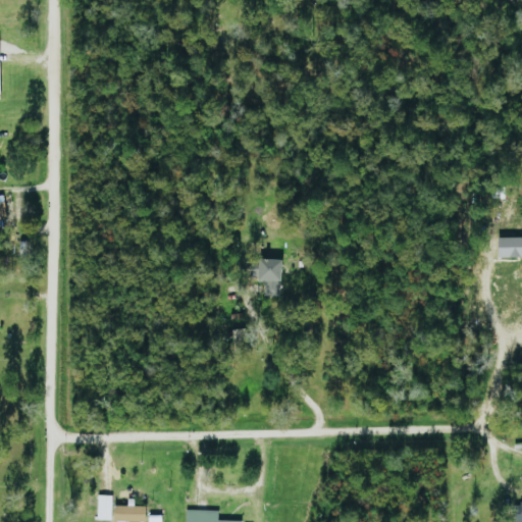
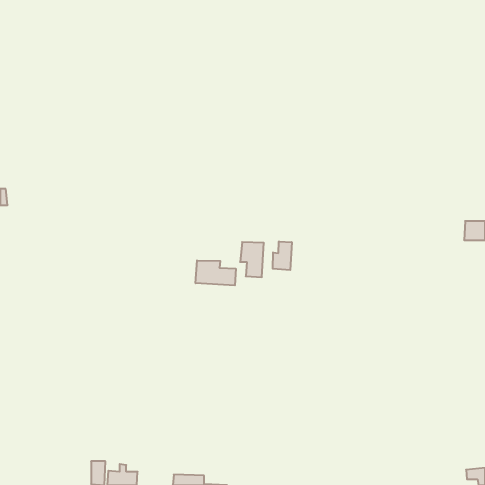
building: none -> [273,241,292,270]
building: none -> [196,260,236,285]

